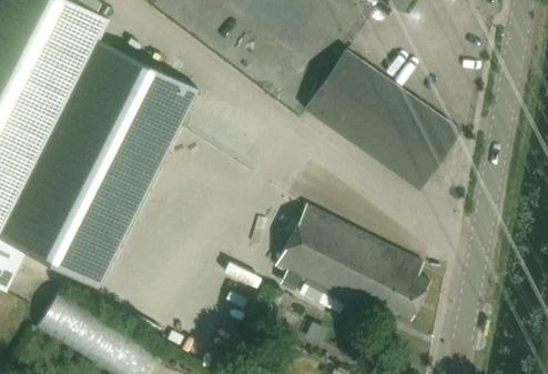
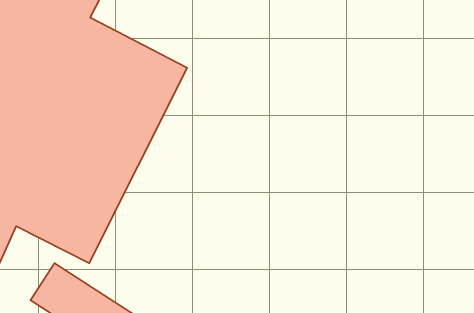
building: [304,50,460,190] -> none
building: [275,204,429,317] -> none

